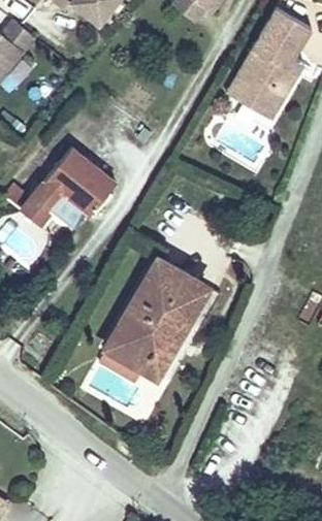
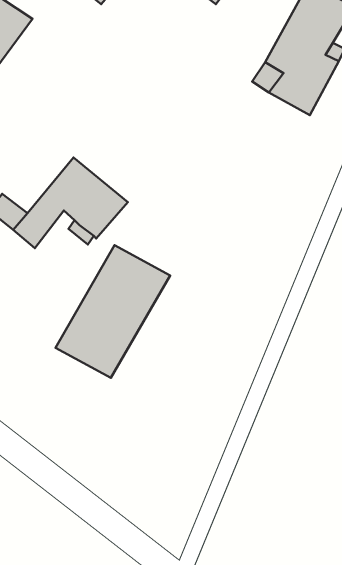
building: [109,271,207,385] -> [55,245,170,378]

